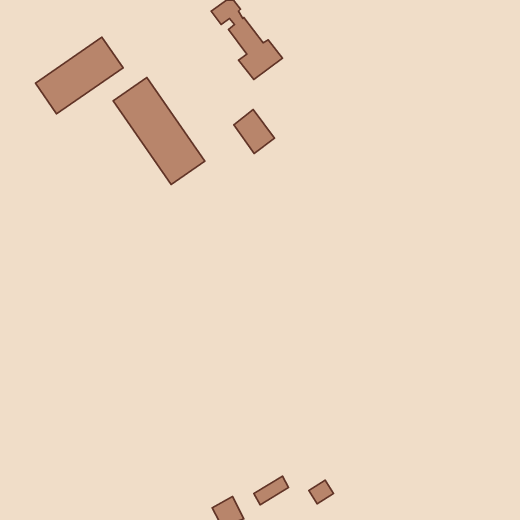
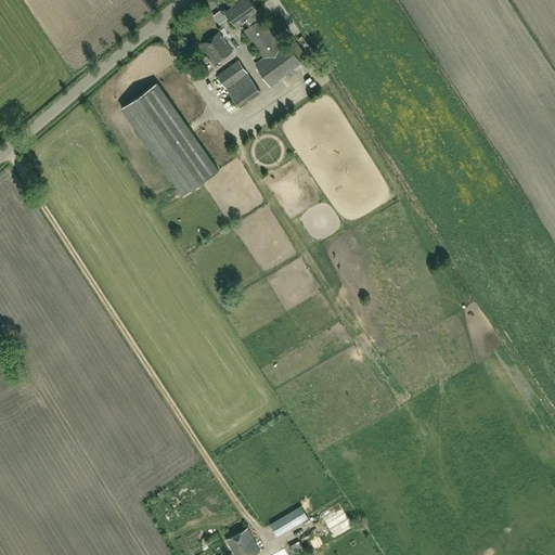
building: none -> [202,34,232,65]
building: [35,37,123,114] -> none
building: [234,110,275,153] -> [217,62,260,108]

